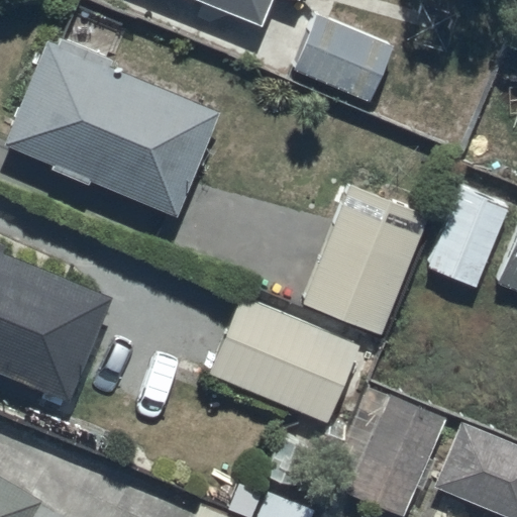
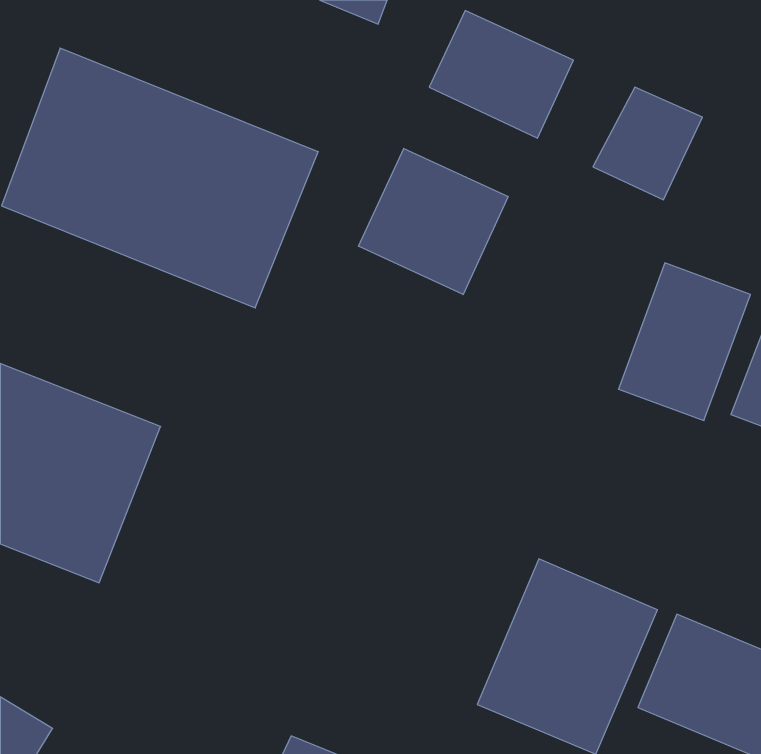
building: none -> [359,148,508,295]
building: [302,185,429,339] -> none
building: [209,303,357,422] -> none

